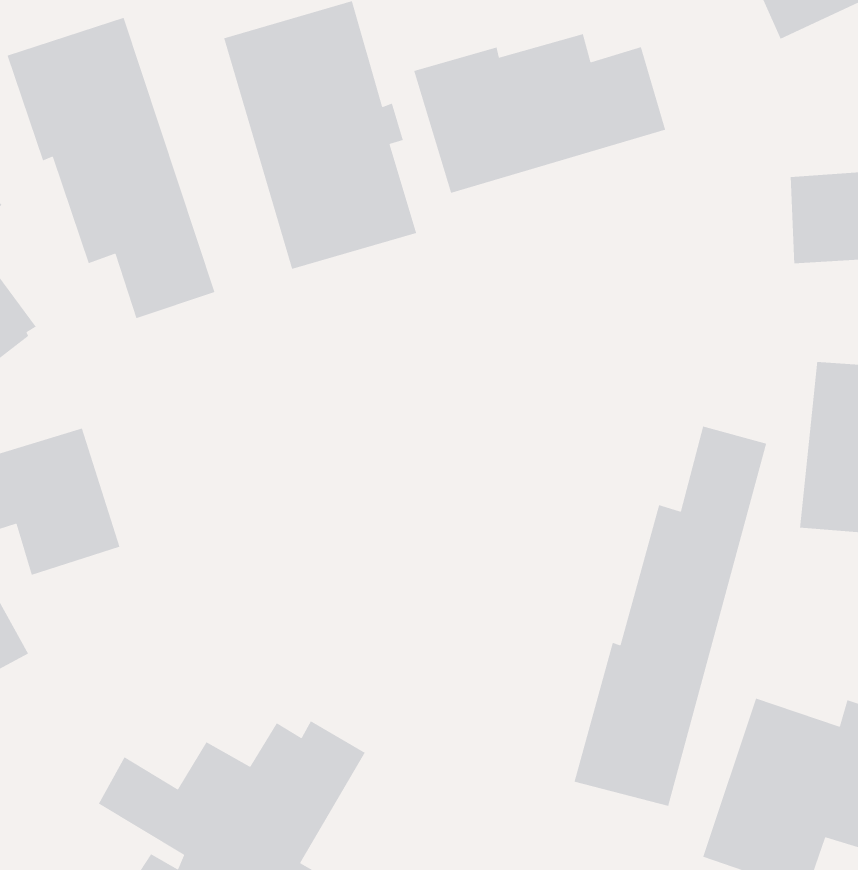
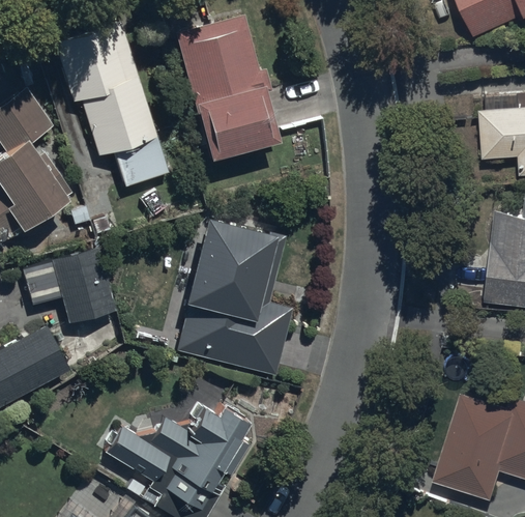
building: [413,33,666,194] -> none
building: none -> [175,216,291,375]
building: [573,426,767,807] -> none

